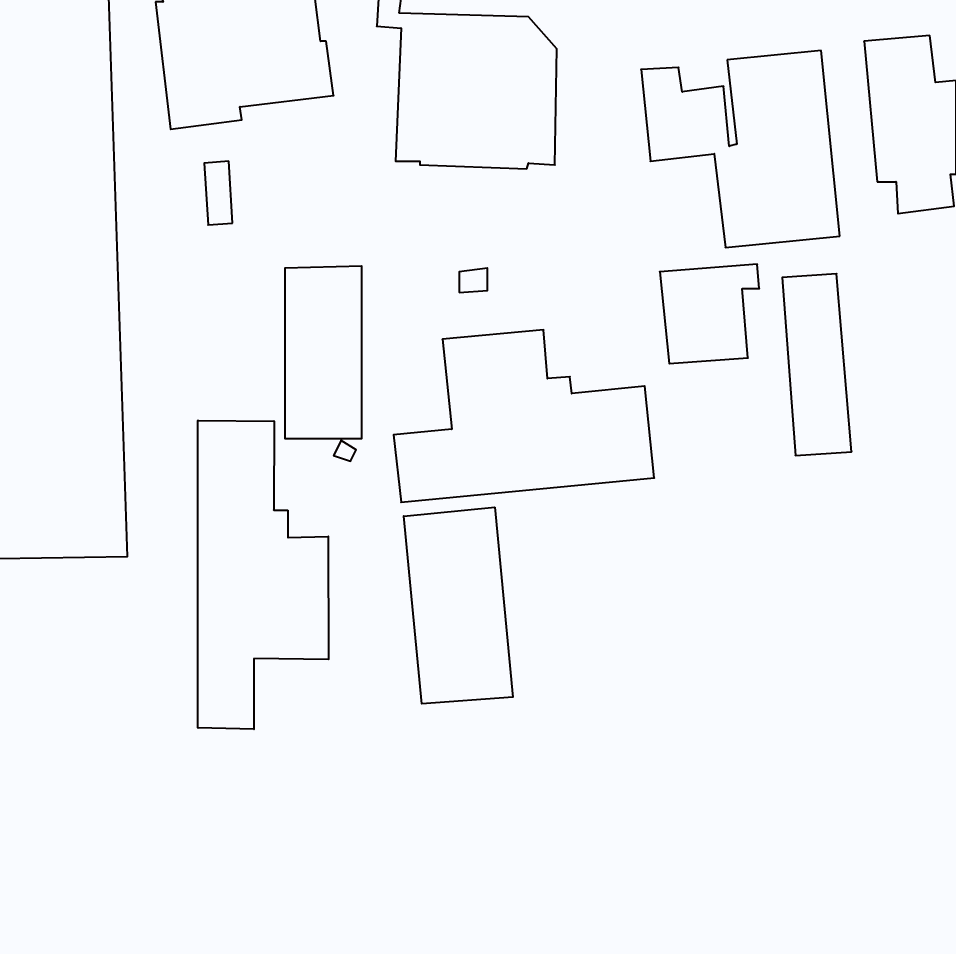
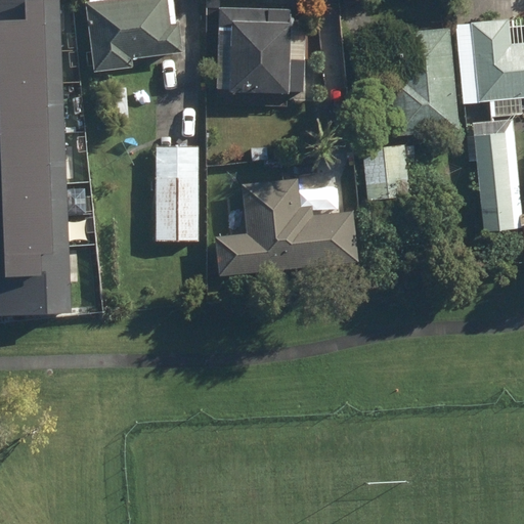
building: [782,274,852,455] -> [475,131,513,230]
building: [198,420,329,729] -> none
building: [404,507,513,704] -> none

